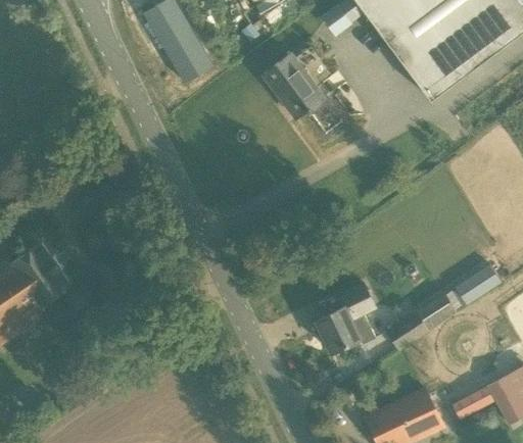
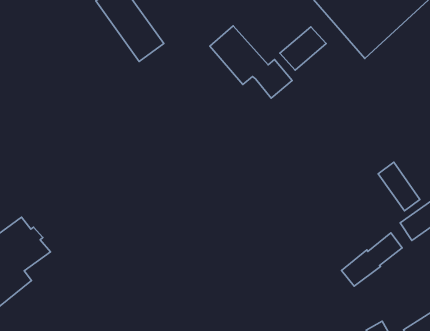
building: none -> [280,27,326,70]
building: none -> [378,162,420,211]
building: [315,283,372,351] -> none

